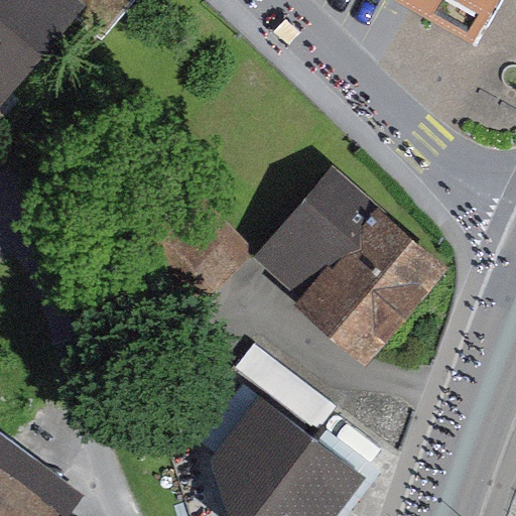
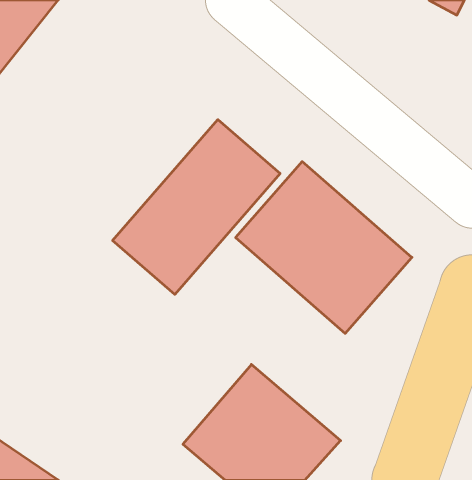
building: none -> [113,120,280,294]

